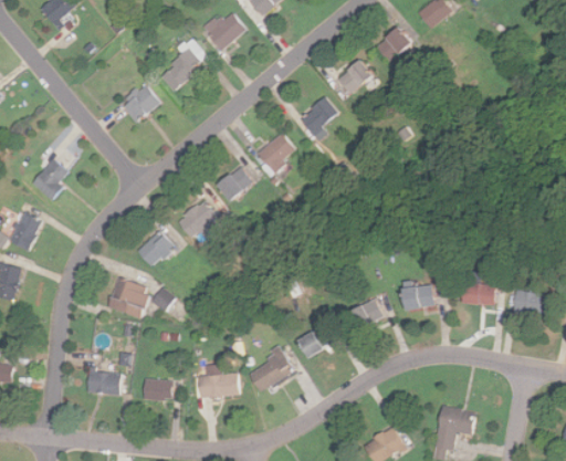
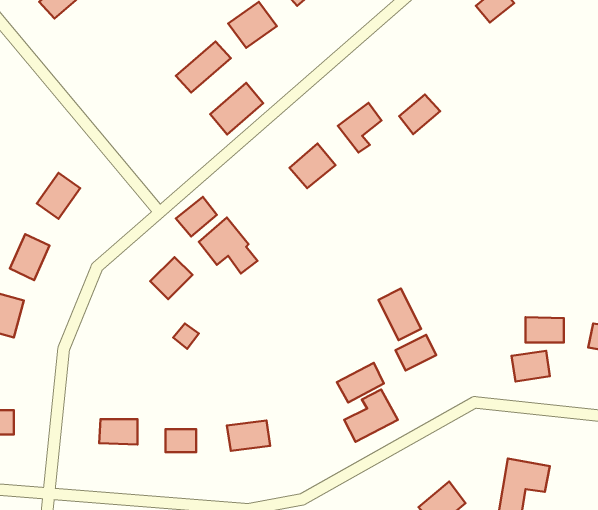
building: [374,25,409,61] -> none
building: [335,60,370,94] -> [399,95,440,134]
building: none -> [210,83,263,135]
building: [118,84,158,122] -> none
building: [214,167,250,201] -> [176,197,217,236]
building: none -> [378,289,421,340]
building: [111,277,154,318] -> none
building: [400,284,433,311] -> [512,351,550,381]
building: [247,346,293,391] -> [344,389,398,442]

